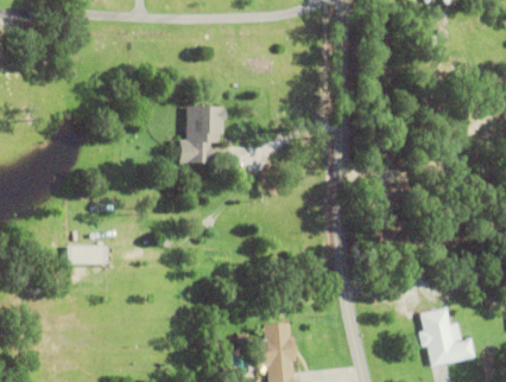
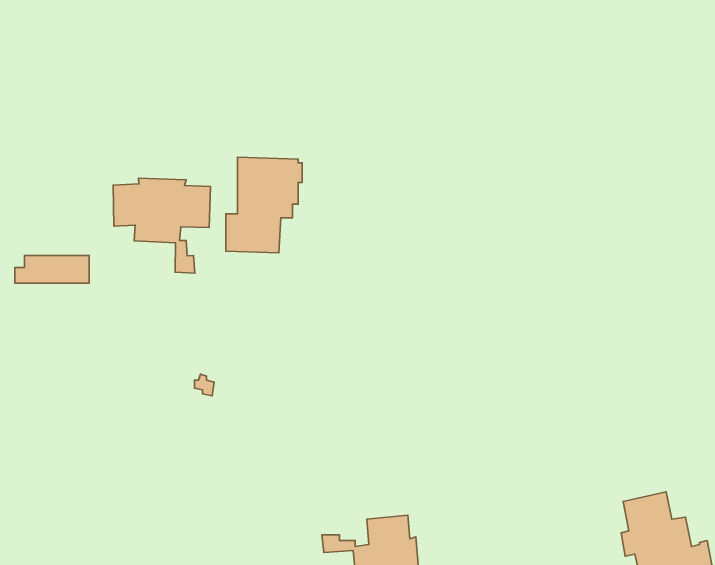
building: none -> [113,178,211,273]
building: [62,247,107,263] -> [15,256,89,283]

